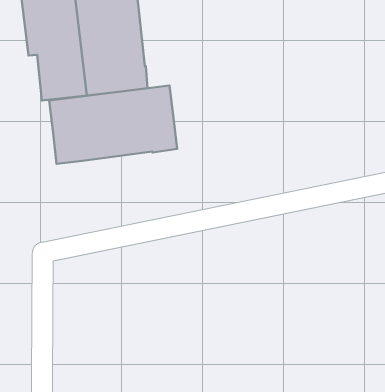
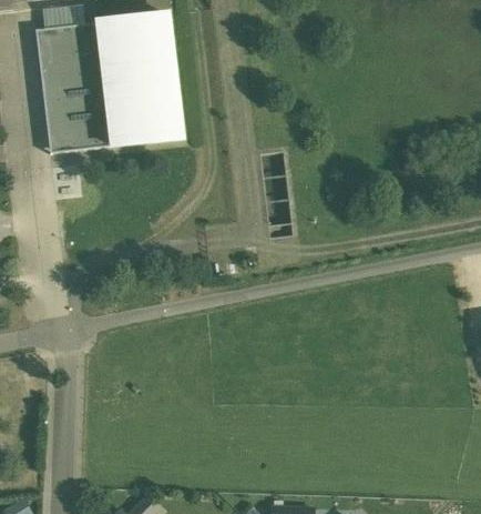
building: [49,85,177,164] -> none

